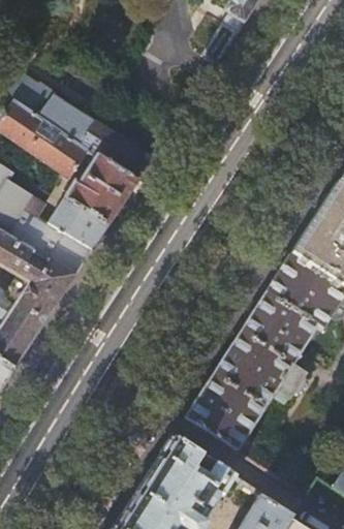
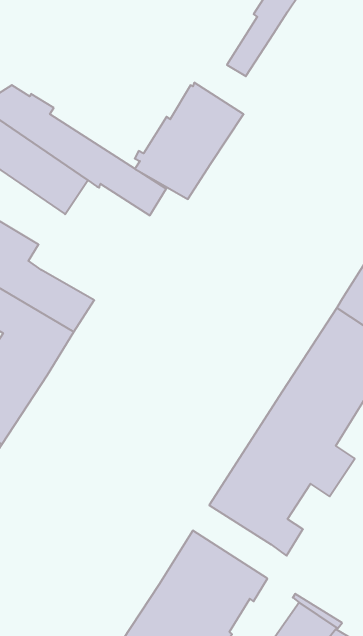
building: [50,154,138,249] -> [135,83,244,199]

